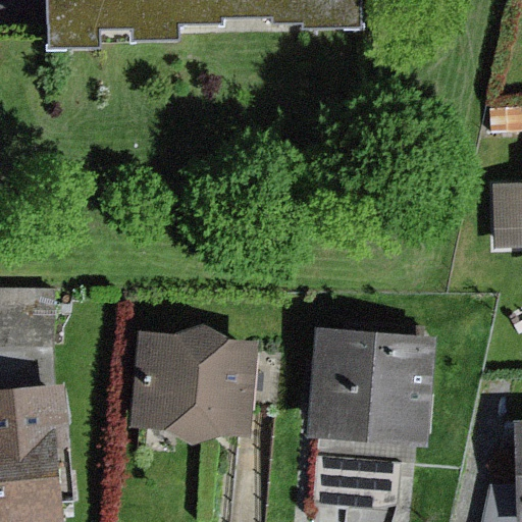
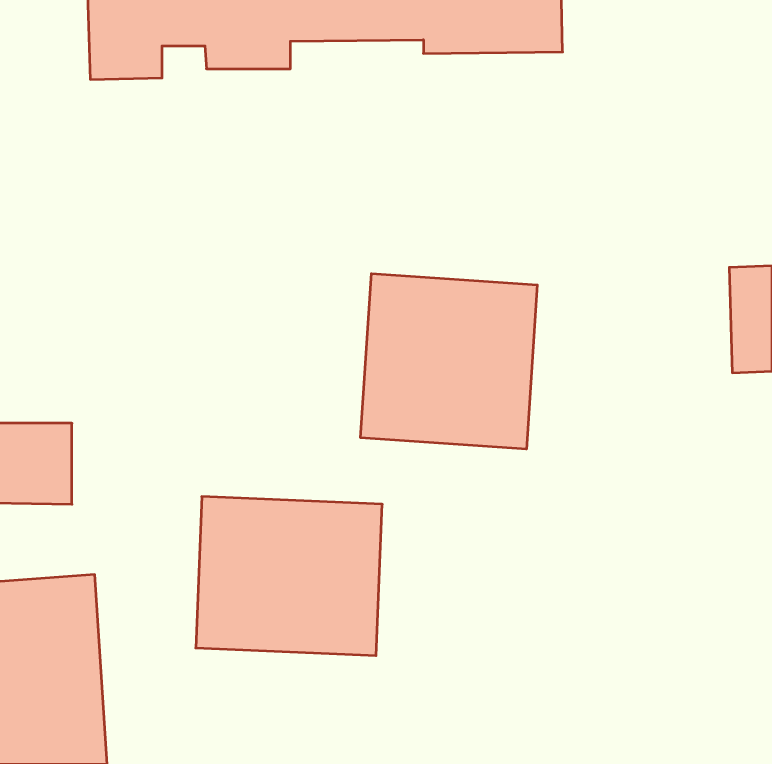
building: none -> [361,274,537,449]
building: [308,327,435,502] -> none

